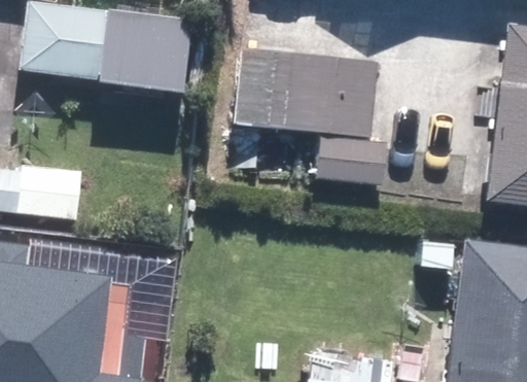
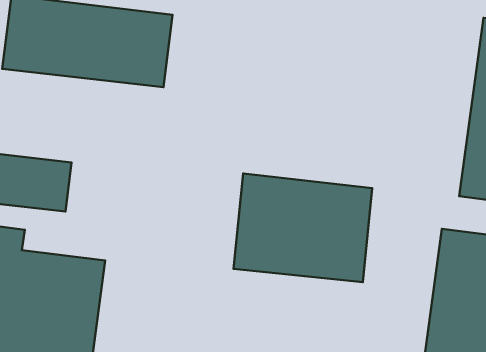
building: [236,48,381,138] -> none
building: none -> [233,173,372,282]

